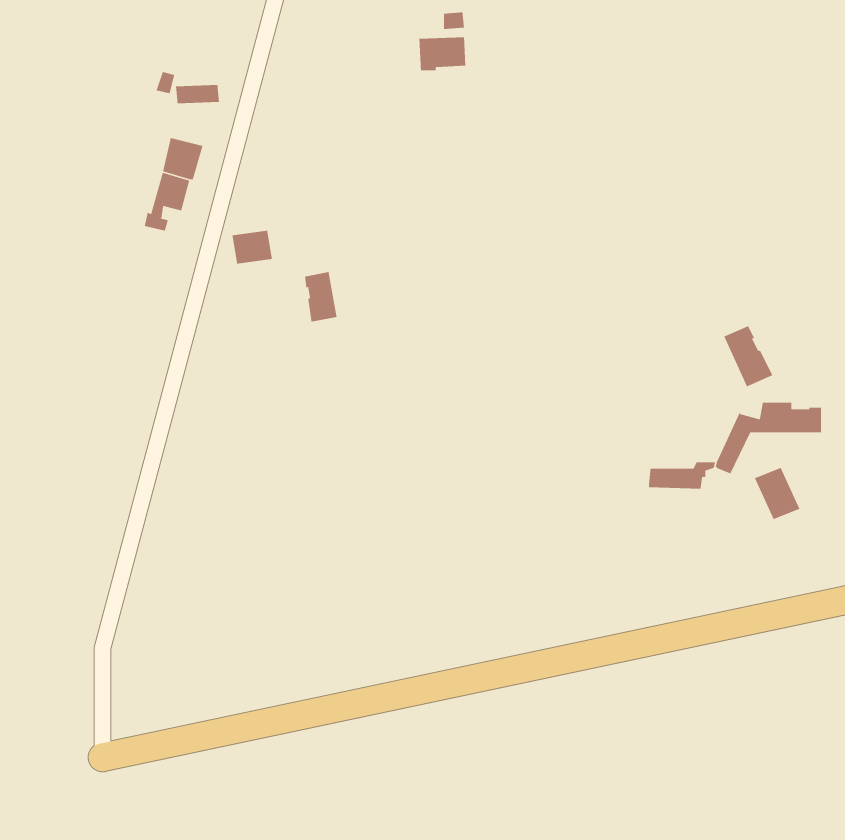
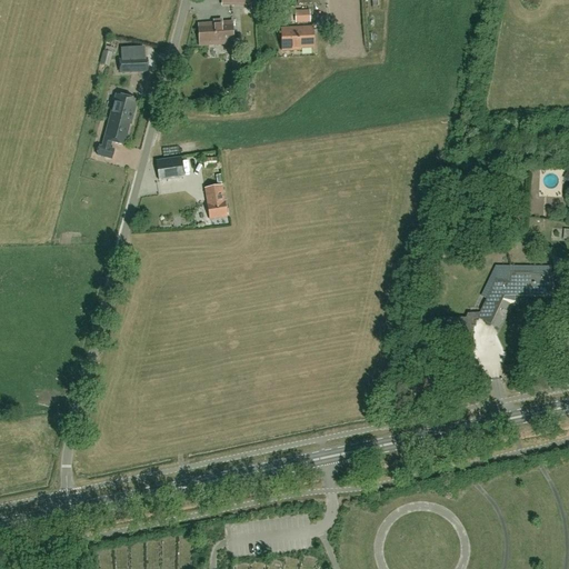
building: none -> [198,19,232,42]
building: [723,325,773,387] -> none
building: [754,467,800,520] -> none

